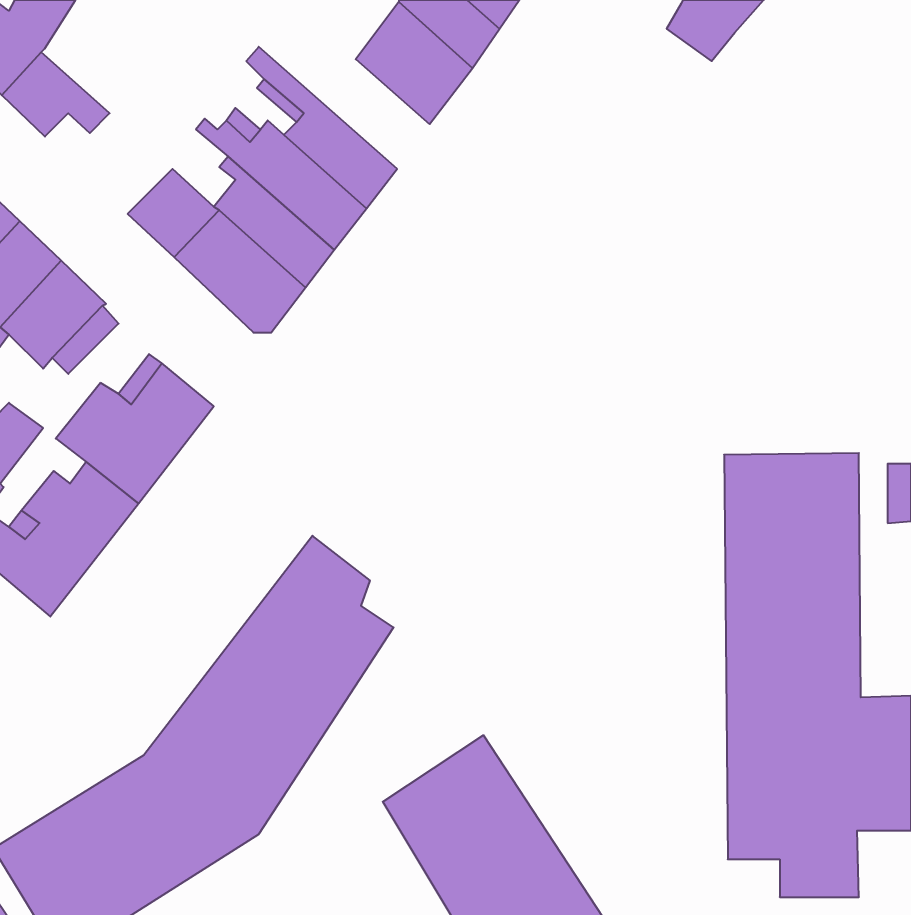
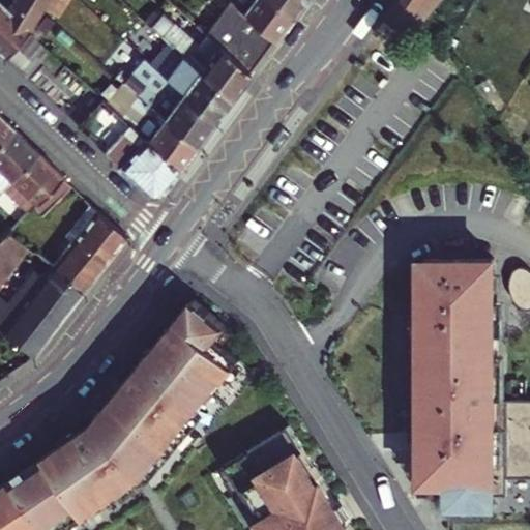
building: none -> [149,17,247,99]

